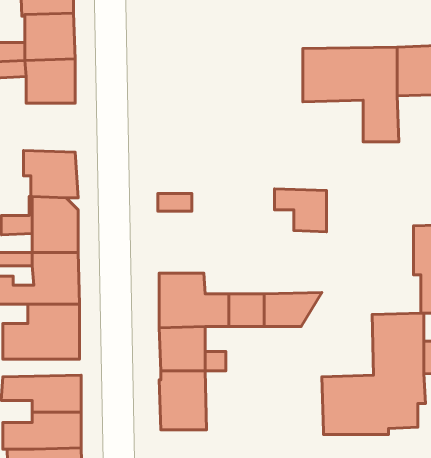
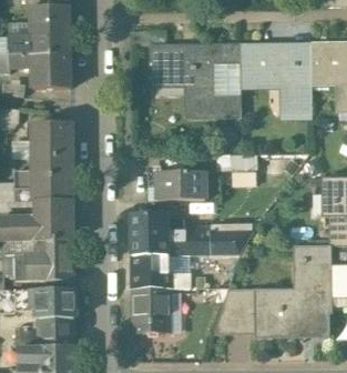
building: none -> [151,46,242,117]
building: none -> [151,171,205,200]
building: none -> [215,290,256,333]

